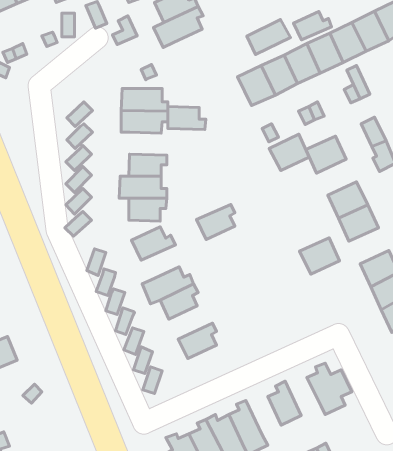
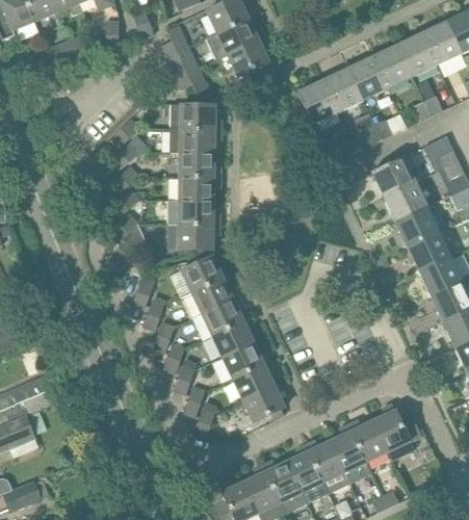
building: [293,11,331,40] -> none
building: [247,20,290,55] -> none
building: none -> [227,40,269,76]
building: none -> [165,47,198,78]
building: [168,107,206,130] -> [179,152,220,177]
building: [269,134,309,170] -> [383,181,426,220]
building: [197,204,235,240] -> [191,275,233,313]
building: [299,238,340,274] -> [418,256,462,295]
building: none -> [222,341,269,378]
building: none -> [242,384,284,421]
building: none -> [348,419,388,461]
building: none -> [306,440,350,493]

